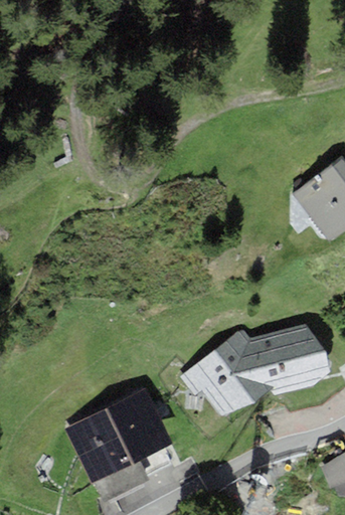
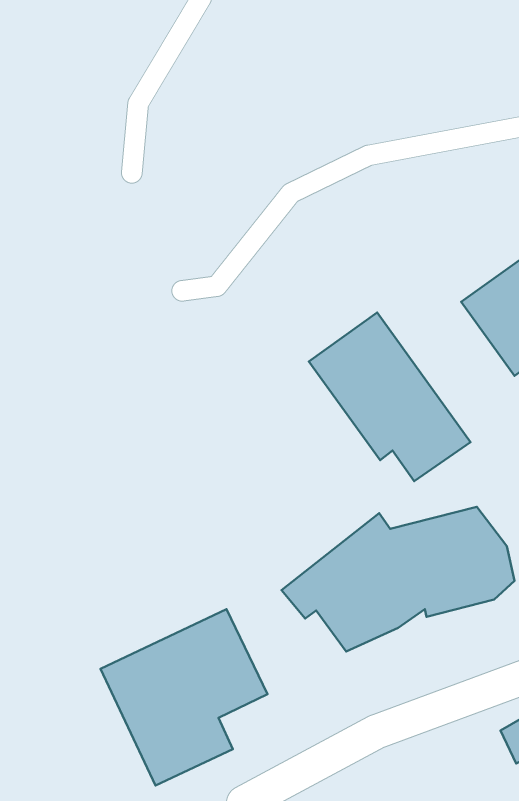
building: none -> [309,313,470,481]

